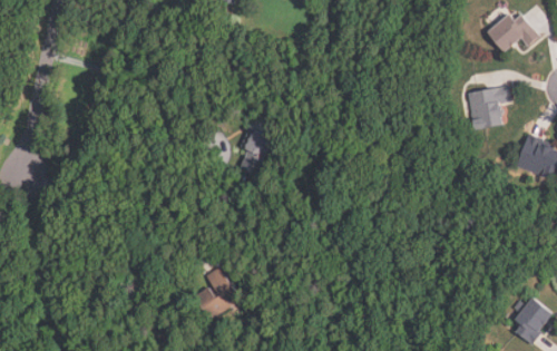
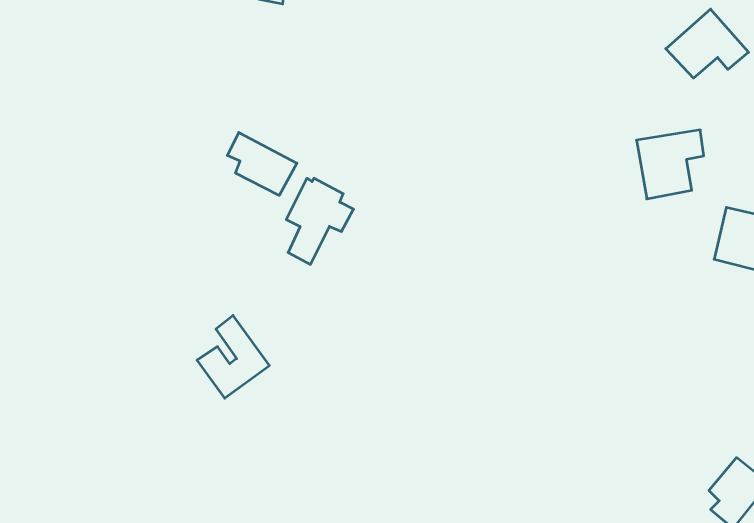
building: none -> [227,132,297,195]
building: [194,266,241,320] -> [197,315,269,398]

